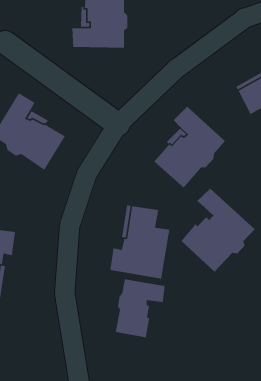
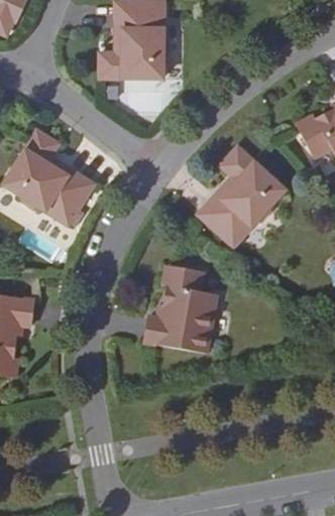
building: [181,188,256,273] -> none
building: [115,279,165,338] -> none

